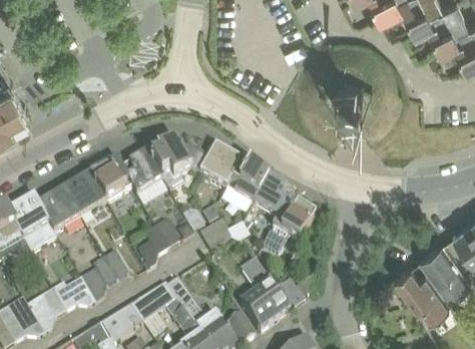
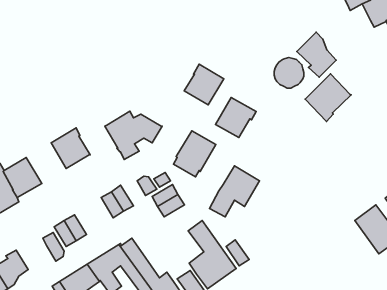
building: none -> [297,32,336,77]
building: none -> [305,74,351,121]
building: [197,144,241,189] -> [184,64,224,105]
building: [118,150,160,195] -> none
building: [61,173,104,218] -> none
building: [250,176,294,219] -> [216,98,256,137]
building: [391,264,446,321] -> none
building: [50,277,93,311] -> none

